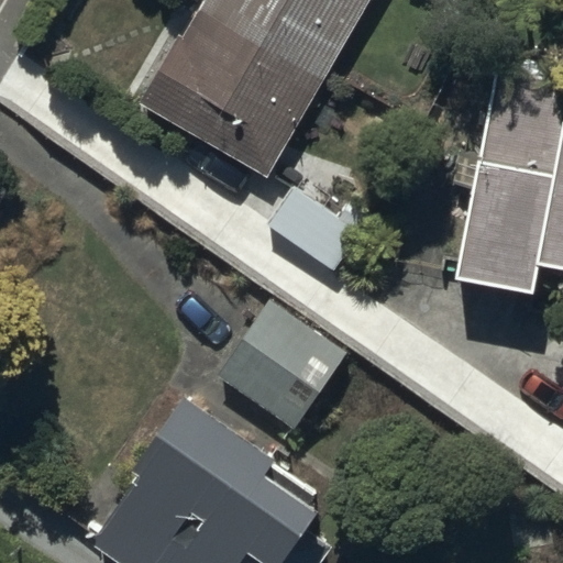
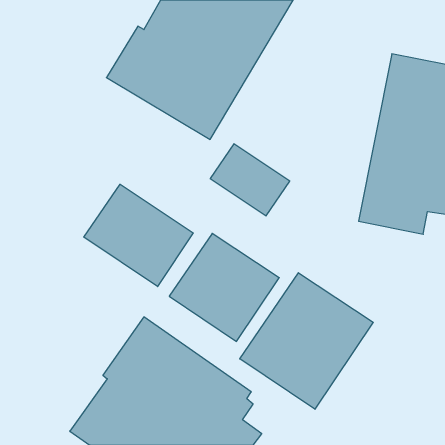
building: none -> [84,184,193,287]
building: none -> [240,273,373,409]

